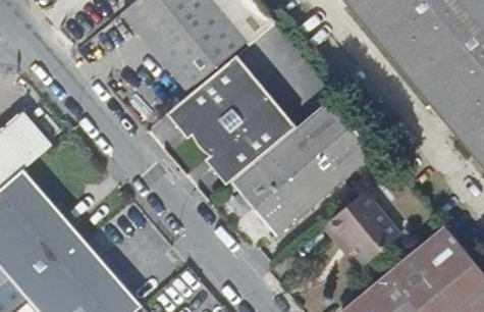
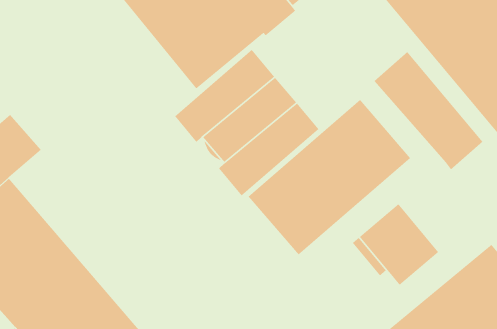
building: none -> [373,51,483,170]

